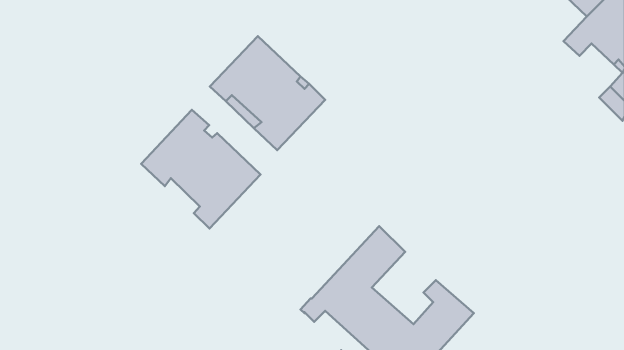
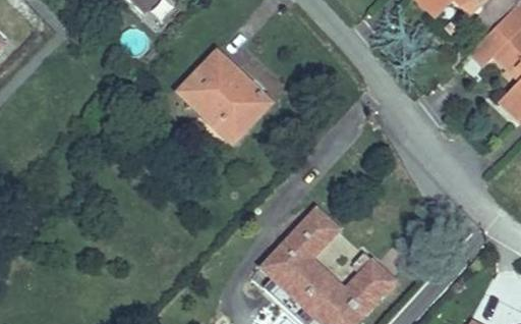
building: [141,110,260,229] -> none

